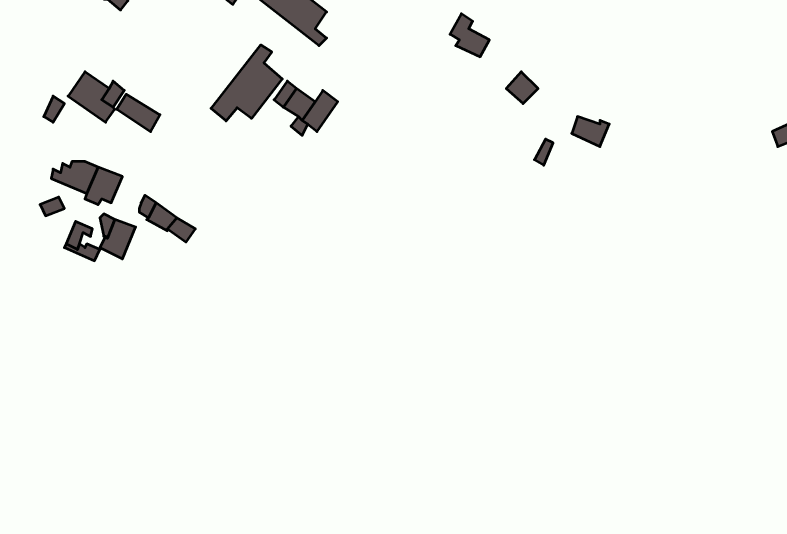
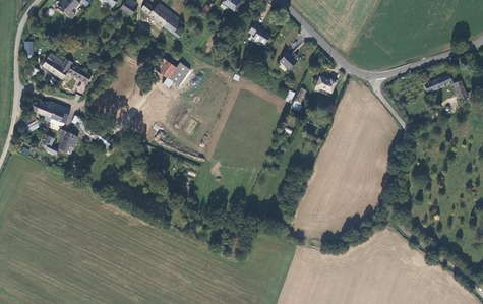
building: [211,45,282,121] -> none

